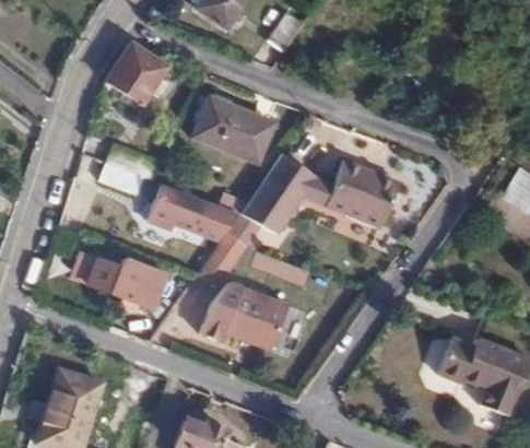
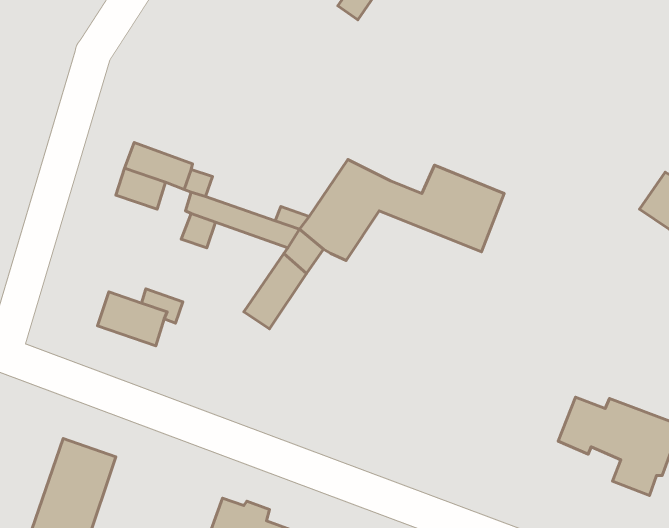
building: [104,44,166,107] -> none
building: [192,97,273,164] -> none
building: [201,283,287,351] -> none

